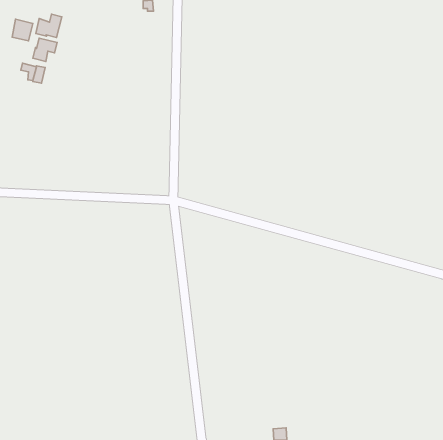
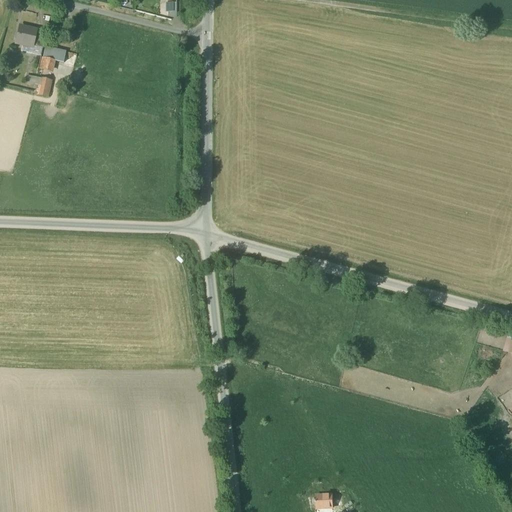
building: [36,14,62,37] -> none

